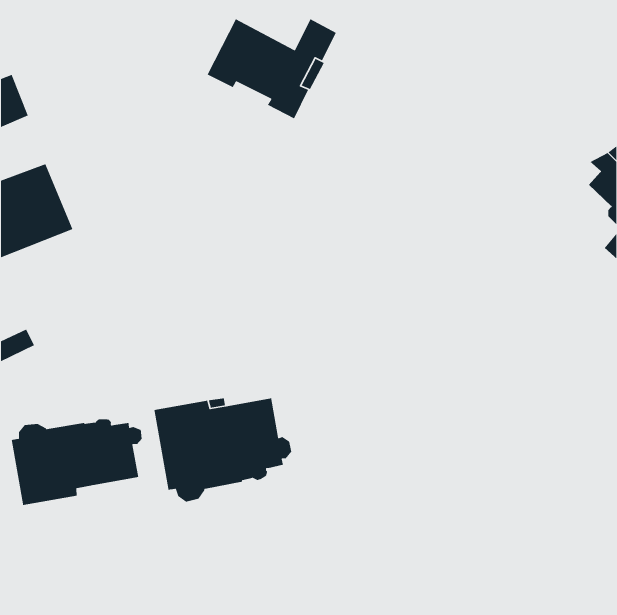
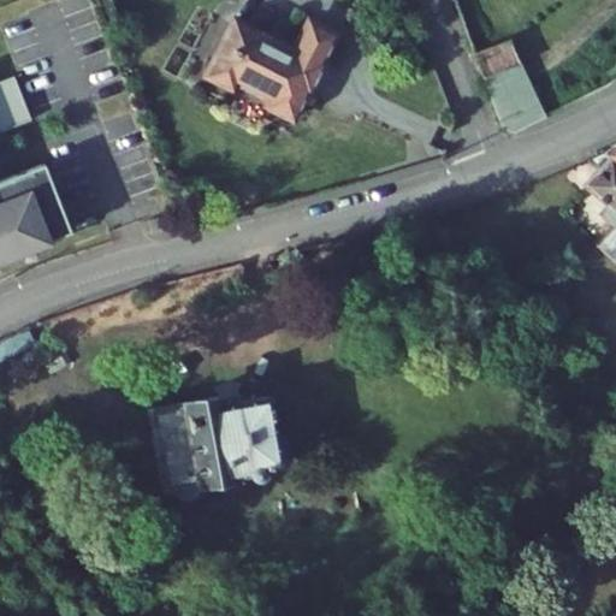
building: none -> [474,41,546,135]
building: [11,418,142,506] -> none

